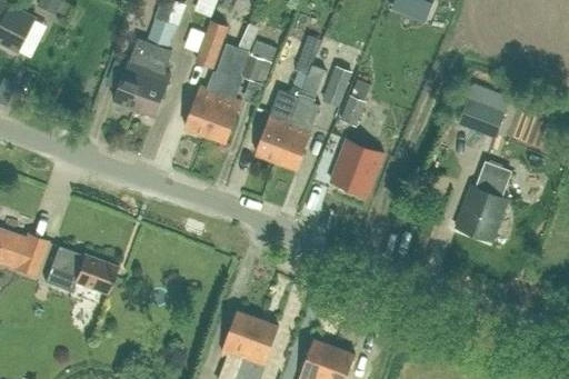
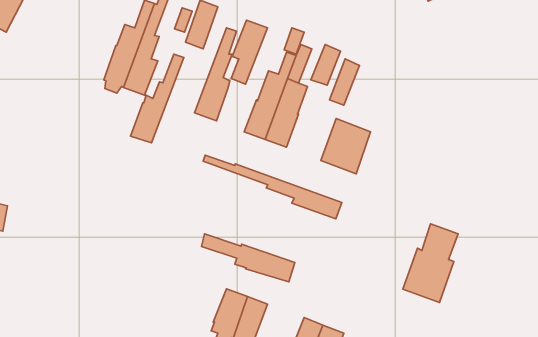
building: [183,44,237,133] -> [131,54,184,143]
building: [458,84,508,137] -> none
building: [456,161,511,240] -> [403,224,458,302]
building: none -> [203,155,342,219]
building: [14,235,47,276] -> none
building: [42,246,114,293] -> none
building: none -> [201,234,295,282]

